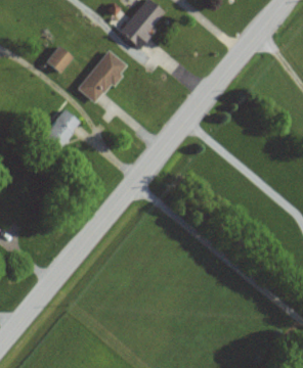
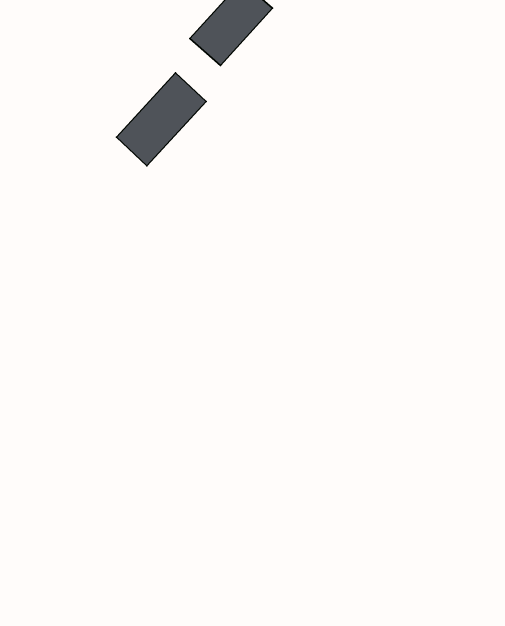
building: [45,45,74,73] -> none
building: [40,107,79,150] -> none

